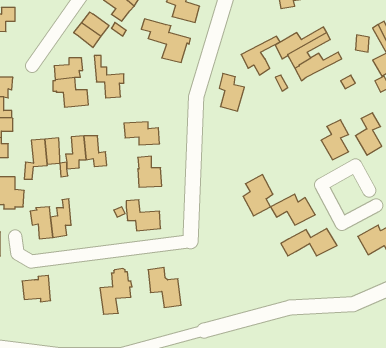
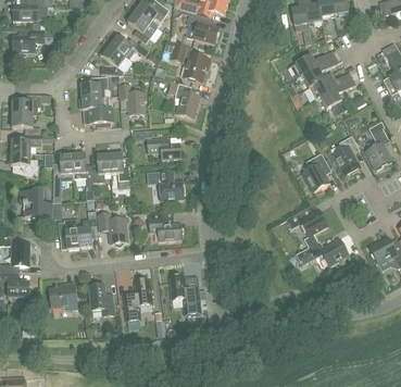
building: [241,36,280,75] -> [319,77,356,114]
building: [219,73,244,111] -> [175,82,199,117]
building: [243,175,273,216] -> [303,151,331,190]
building: none -> [98,212,127,246]
building: none -> [88,284,115,314]

